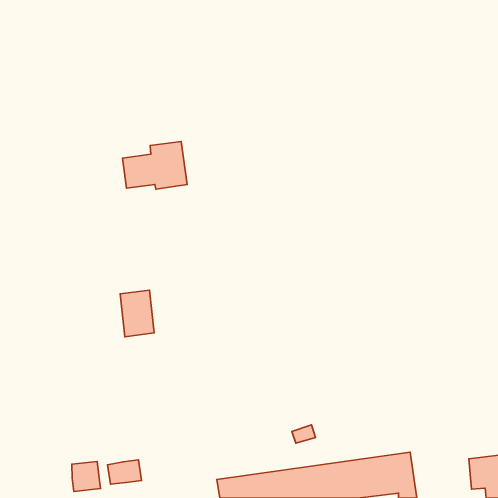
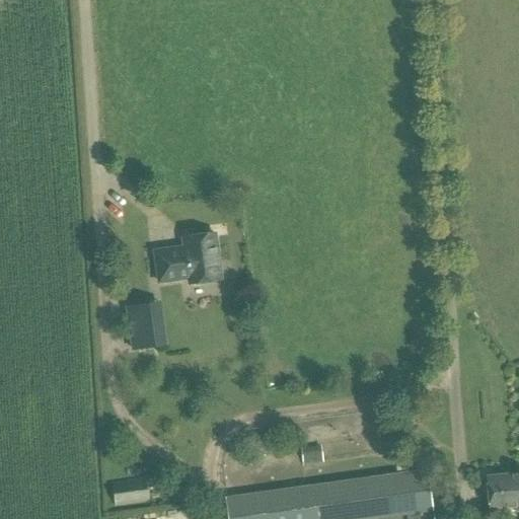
building: [123,141,187,189] -> [155,233,222,283]
building: [72,462,101,492] -> none

